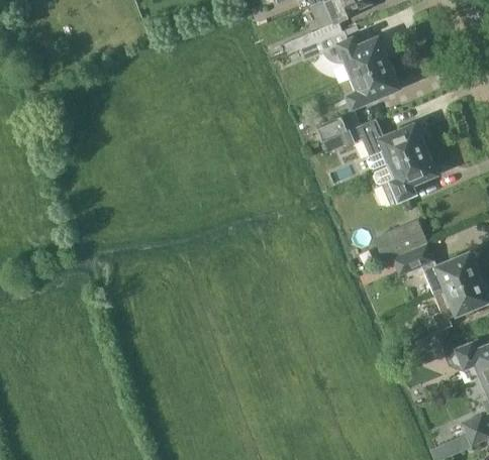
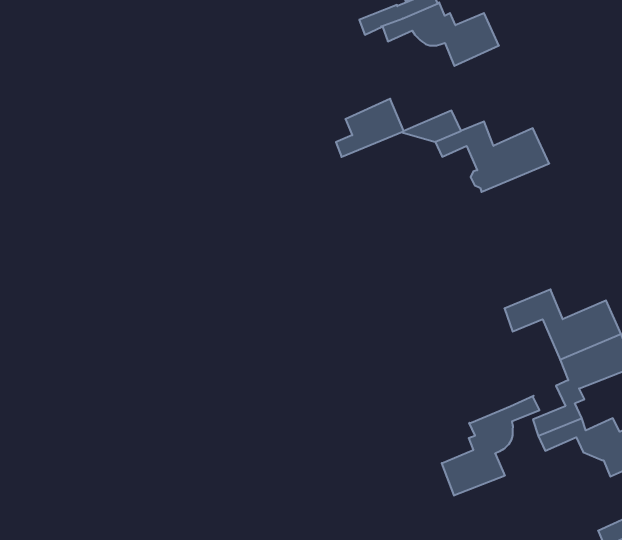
building: [349,62,399,105] -> [336,99,404,157]
building: [375,149,435,203] -> none
building: [375,219,429,260] -> none
building: none -> [442,396,539,496]

